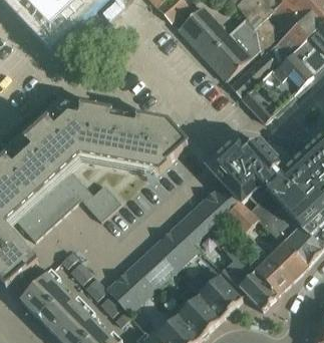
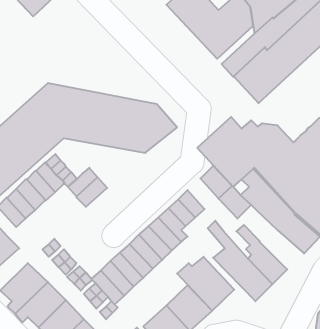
building: [198,194,232,229] -> none
building: [266,243,308,280] -> none

